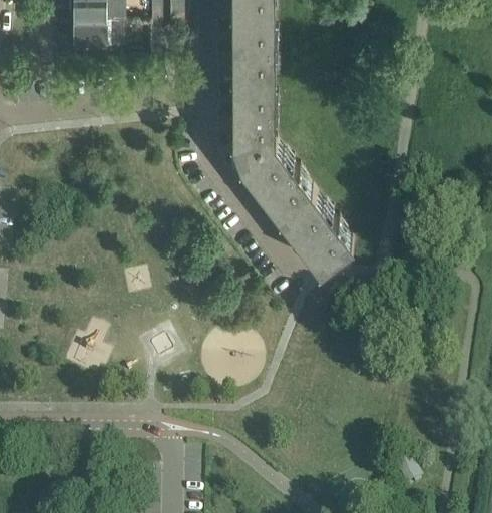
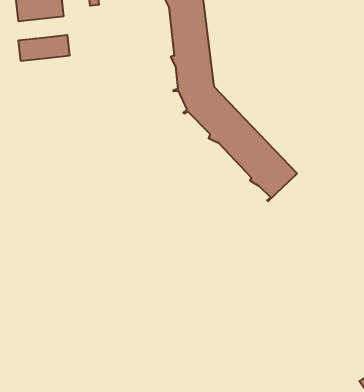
building: none -> [19,35,69,61]

